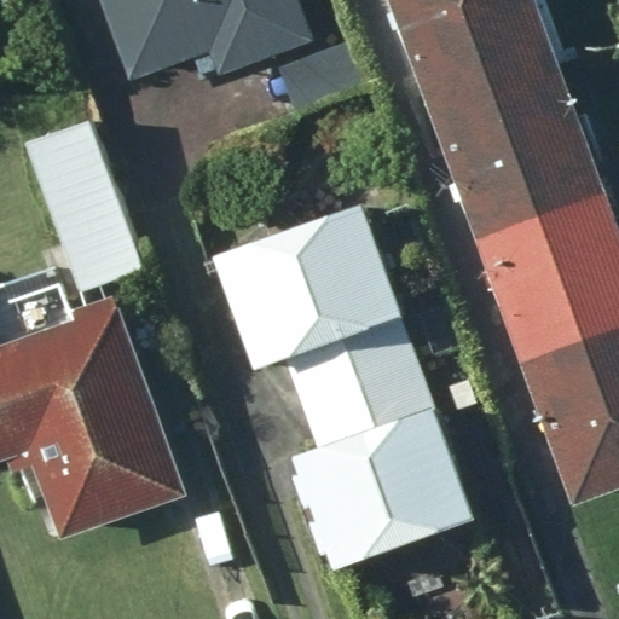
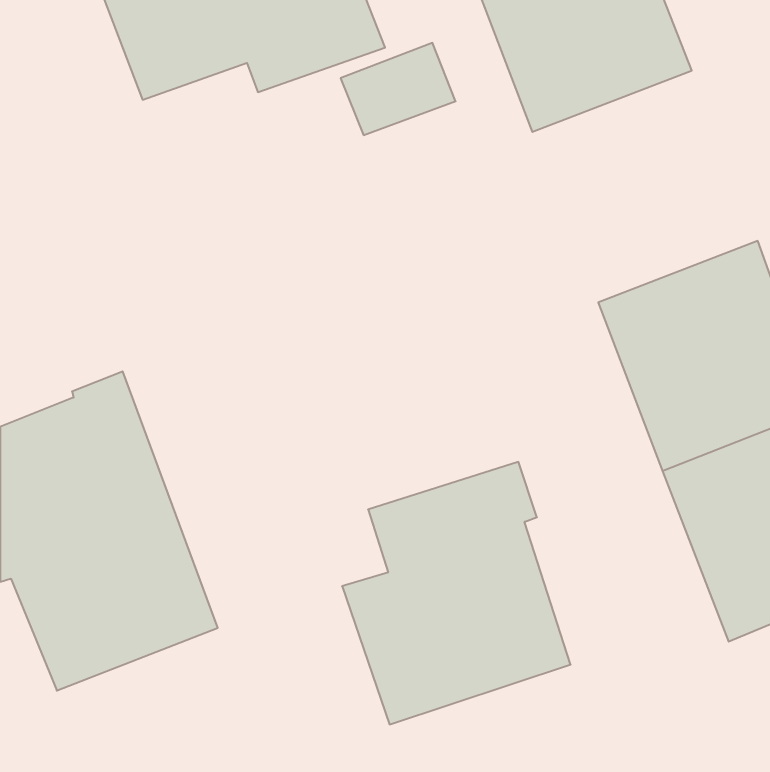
building: [430,56,608,238] -> none
building: [18,118,145,290] -> none
building: [203,209,420,401] -> none

